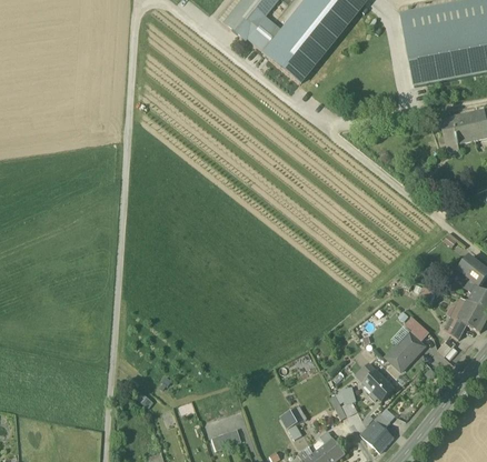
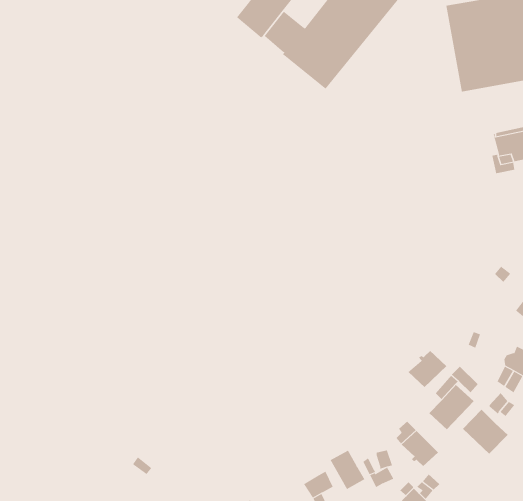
building: none -> [408,350,447,388]
building: none -> [462,409,509,454]
building: none -> [330,450,365,490]

